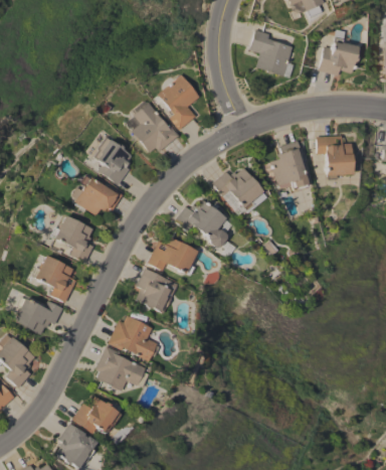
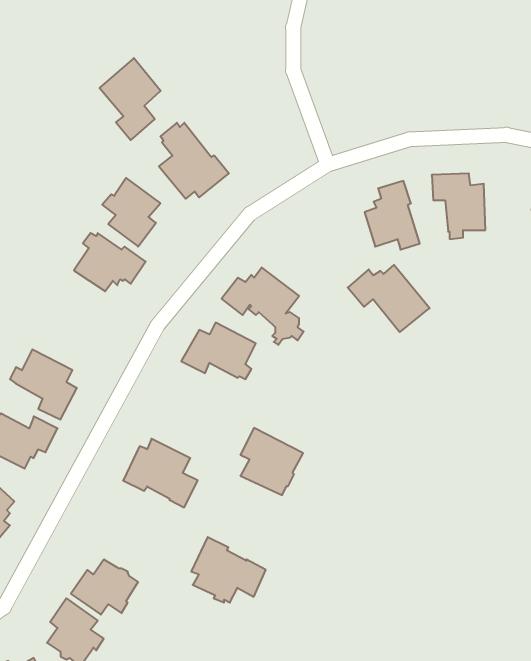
building: [249,29,293,75] -> none
building: [319,37,358,75] -> none
building: [158,74,199,130] -> [100,58,161,140]
building: [212,168,267,213] -> [348,265,430,332]
building: [50,215,93,263] -> none
building: [136,268,178,313] -> [240,428,303,495]
building: [95,346,146,390] -> [191,537,266,603]

